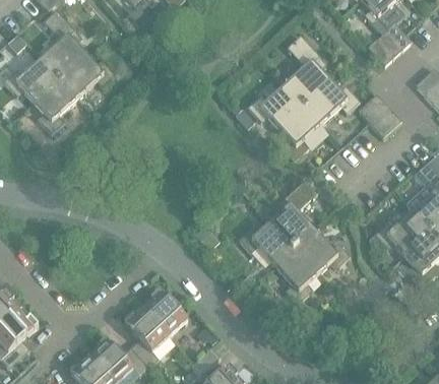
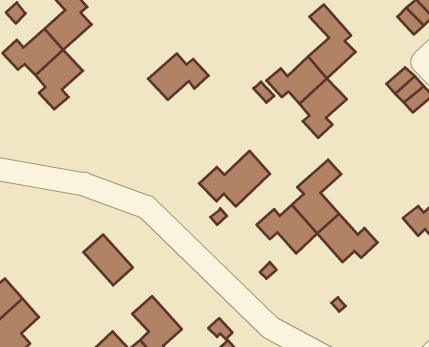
building: [59,55,115,98] -> [148,54,209,100]
building: [303,80,359,124] -> none
building: none -> [199,151,270,206]
building: [274,248,317,304] -> none
building: [141,290,187,336] -> [83,235,133,285]

